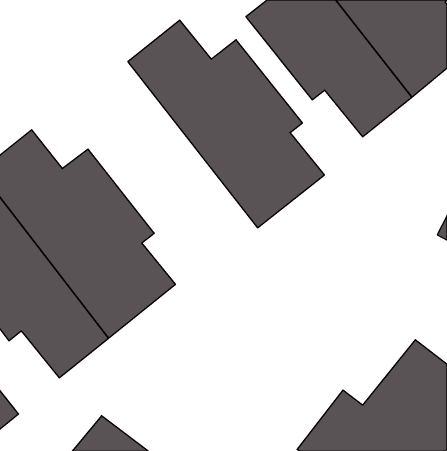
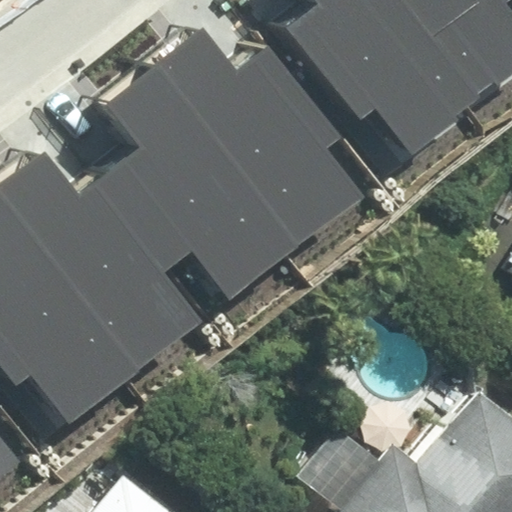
building: none -> [98,70,292,303]

